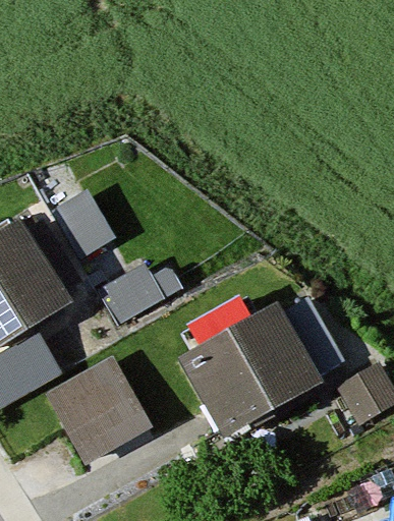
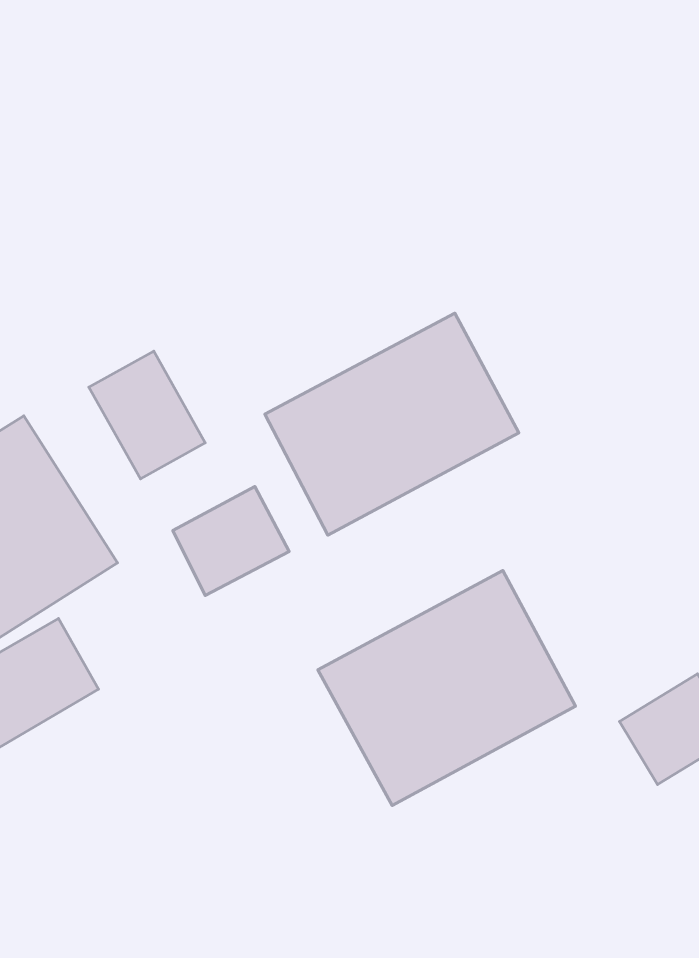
building: none -> [265,313,519,535]
building: [50,357,152,460] -> none

